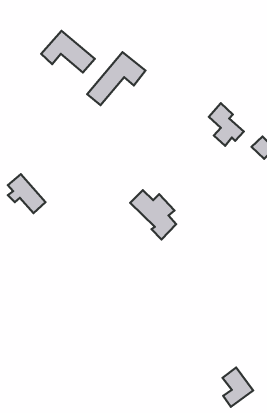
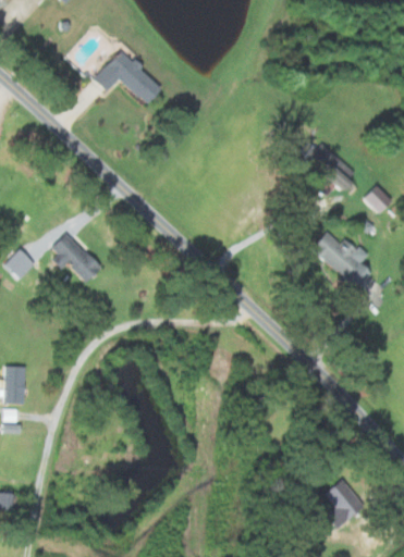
building: [87,52,146,105] -> none
building: [130,190,176,240] -> [311,231,370,294]

